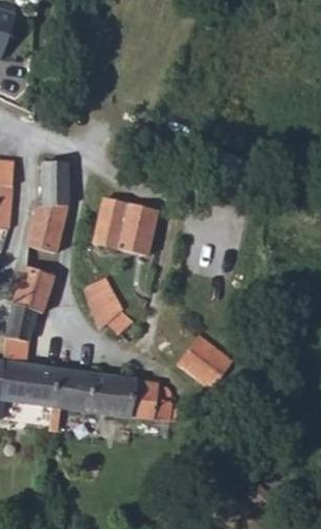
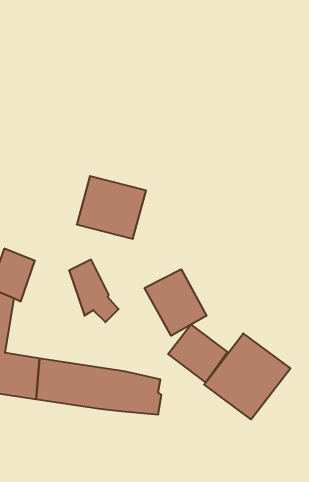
building: [26,162,67,252] -> none
building: none -> [145,269,207,336]
building: none -> [204,333,290,419]

